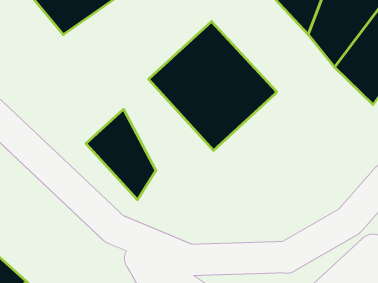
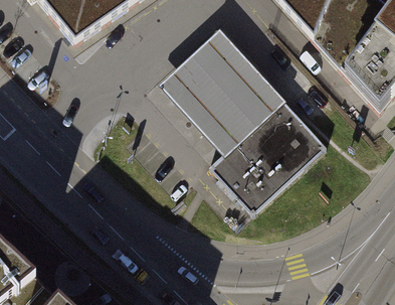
building: none -> [209,97,328,212]
building: [86,109,156,200] -> none

